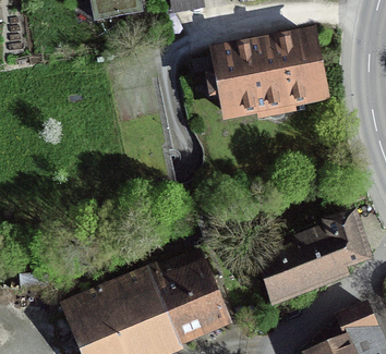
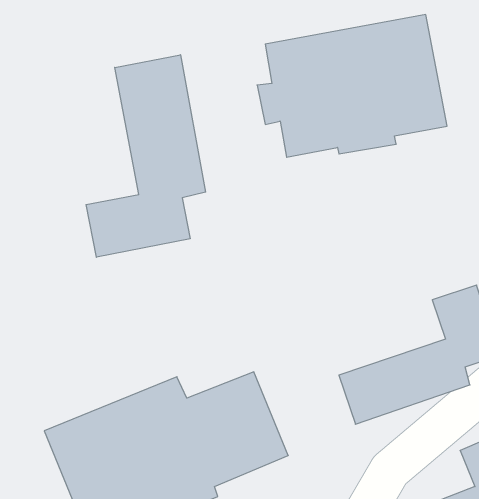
building: none -> [86,55,206,257]

